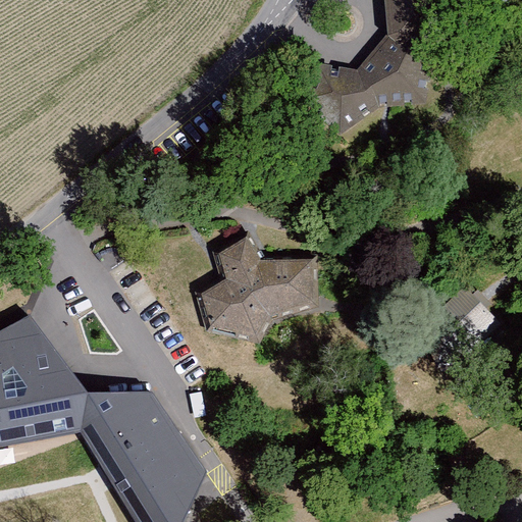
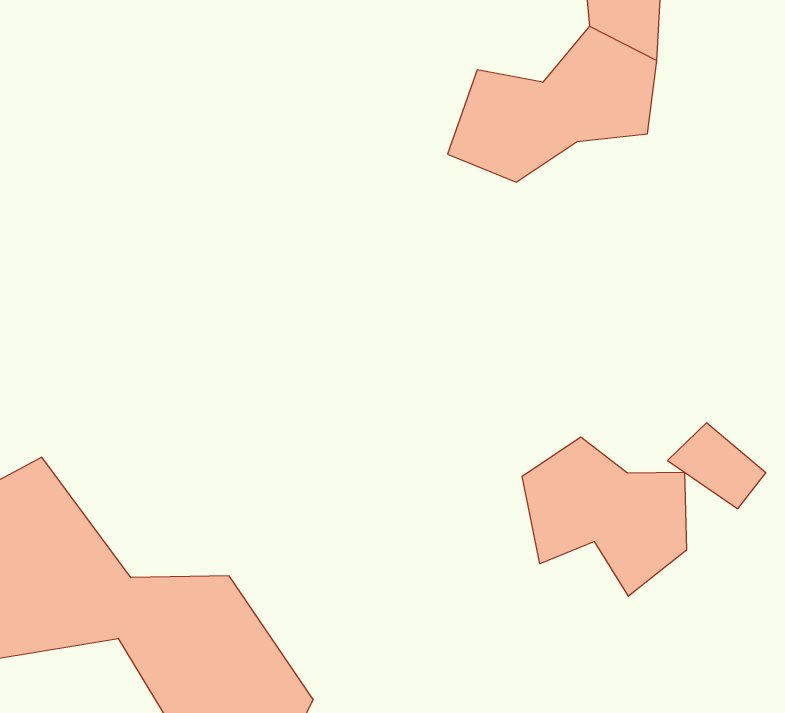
building: [197,236,314,342] -> none
building: none -> [522,437,687,596]

